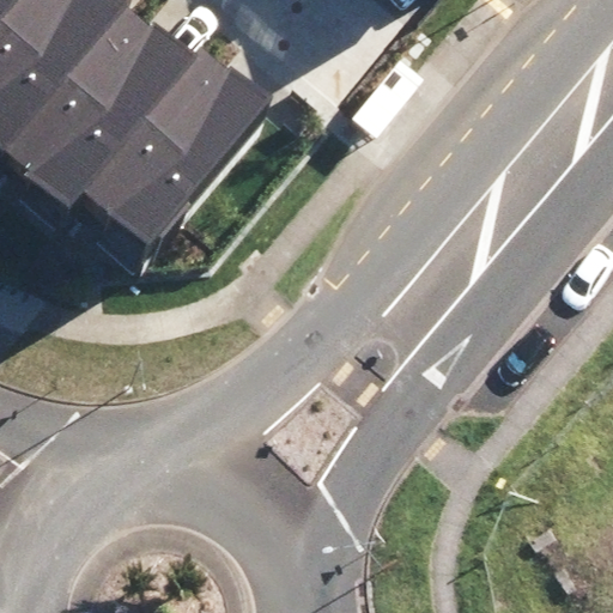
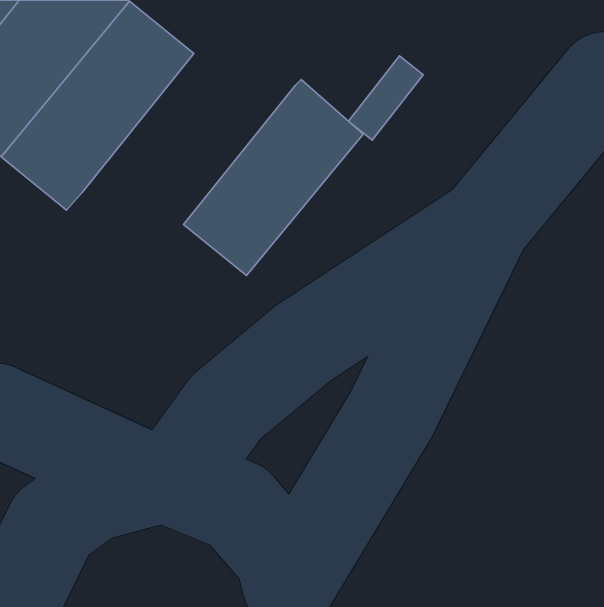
building: [83,48,263,245] -> [184,80,363,276]

